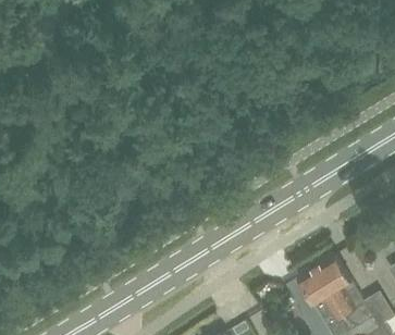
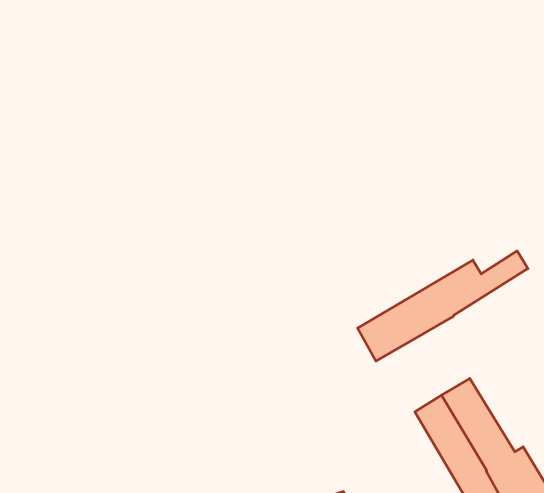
building: none -> [358,251,528,361]

